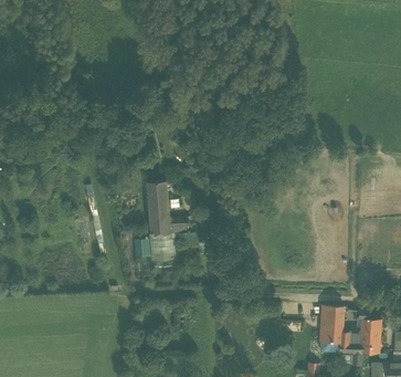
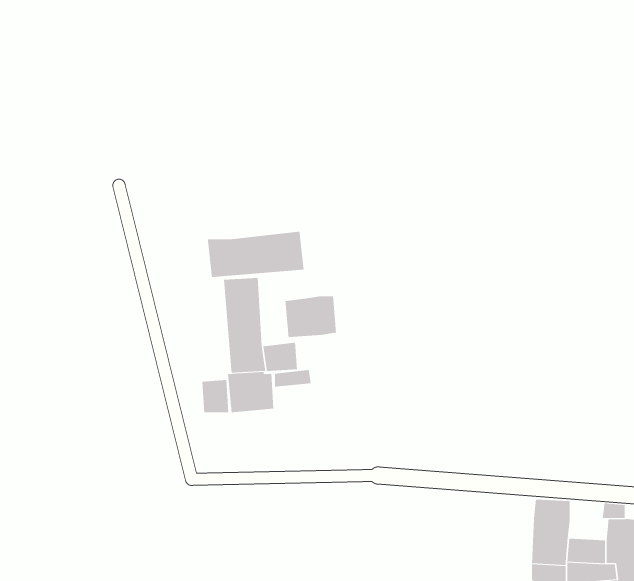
building: none -> [207,231,304,278]
building: none -> [285,296,337,338]

